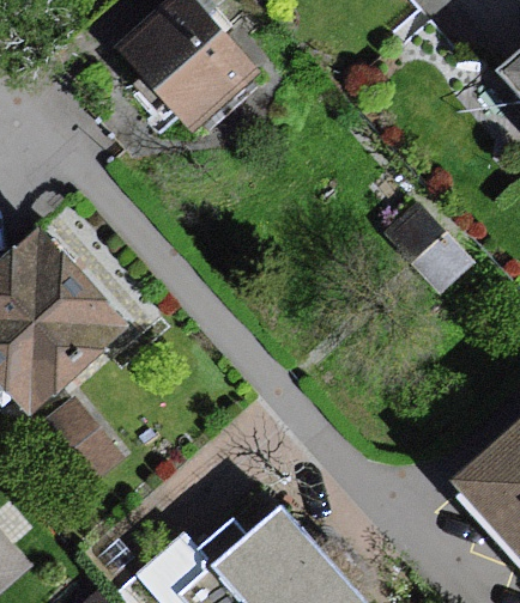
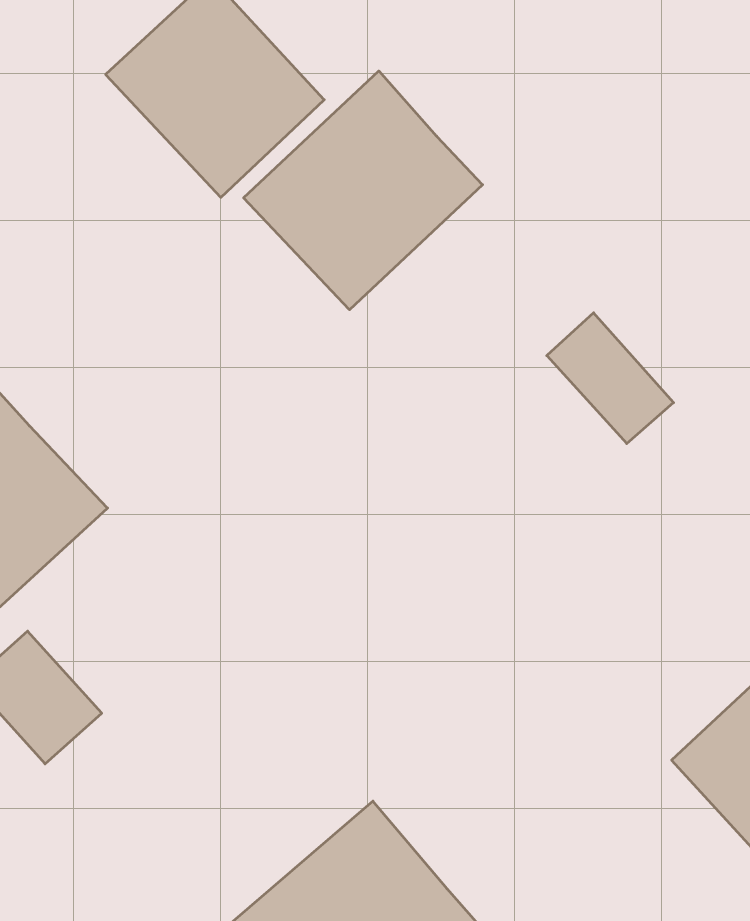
building: none -> [244,71,483,310]

